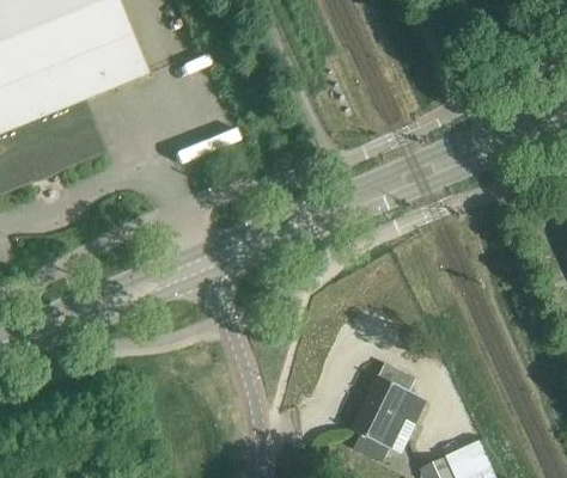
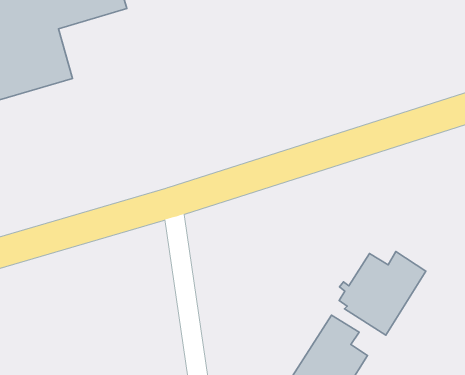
building: none -> [339,252,426,335]

